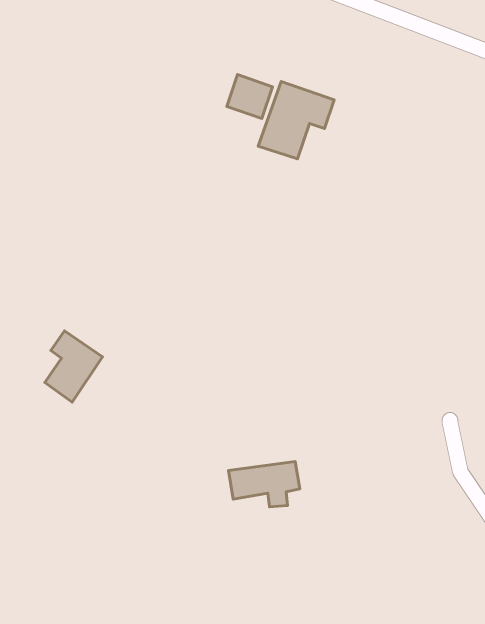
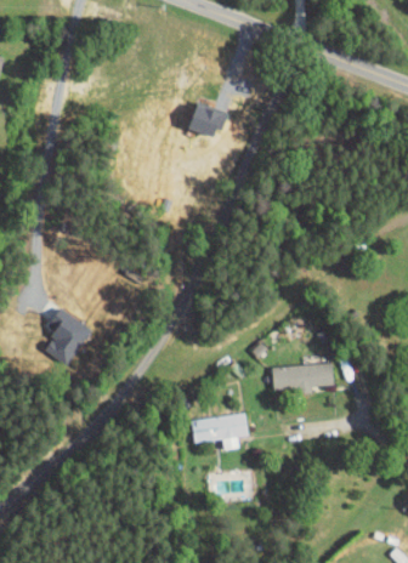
building: [258,81,334,159] -> none
building: none -> [272,364,333,392]

